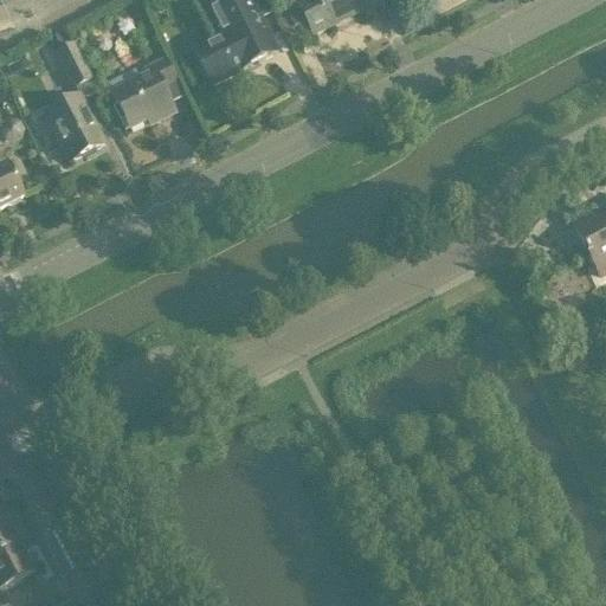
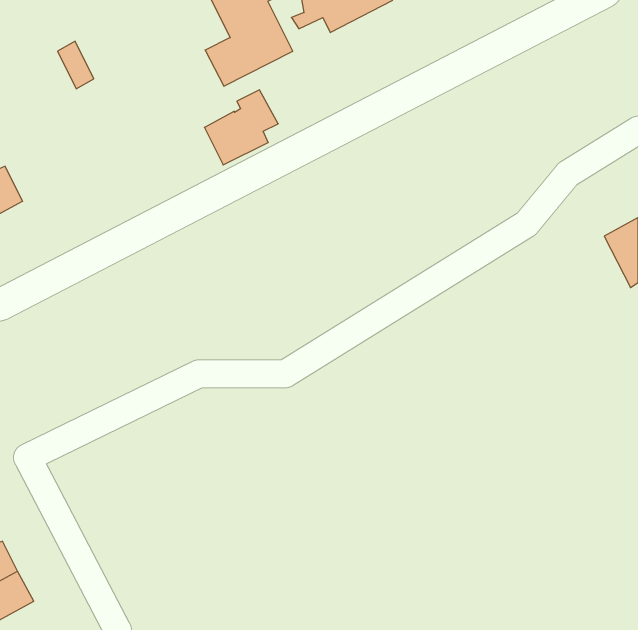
building: [110,53,180,124] -> [204,90,278,165]
building: [43,91,104,157] -> none

